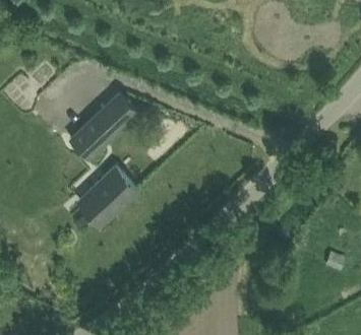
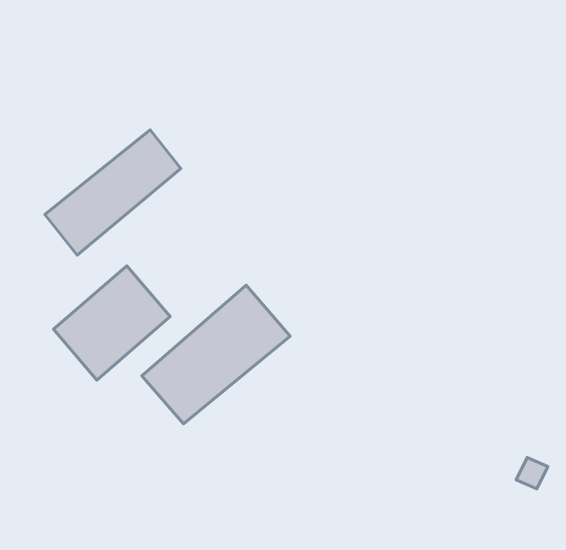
building: none -> [142,285,290,424]

